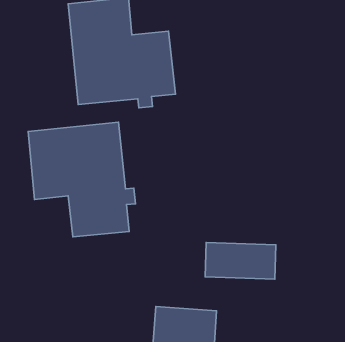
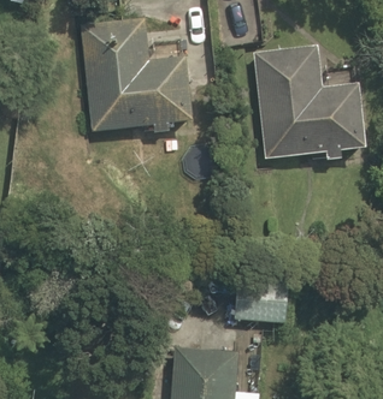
building: none -> [255,48,367,162]
building: [28,122,136,237] -> none

